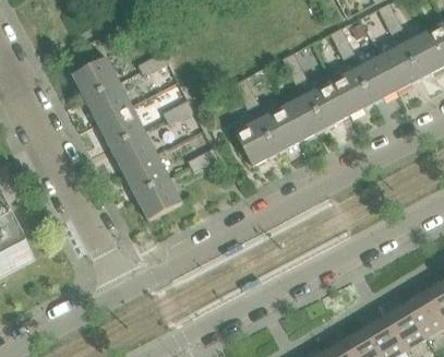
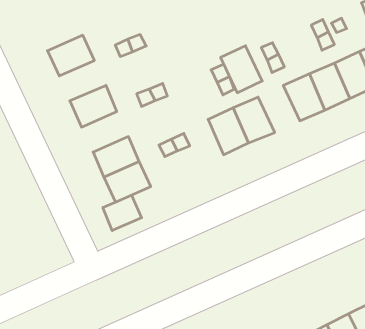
building: [85,81,132,122] -> none
building: [283,94,325,141] -> [221,46,262,93]
building: [110,130,157,171] -> none
building: none -> [103,195,142,231]

